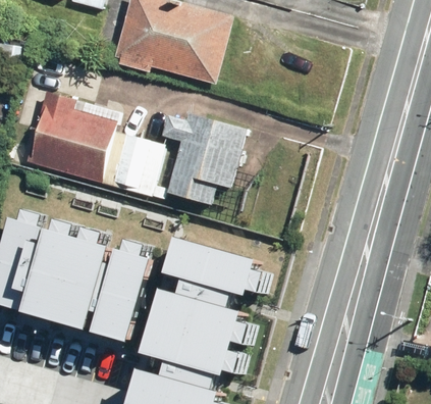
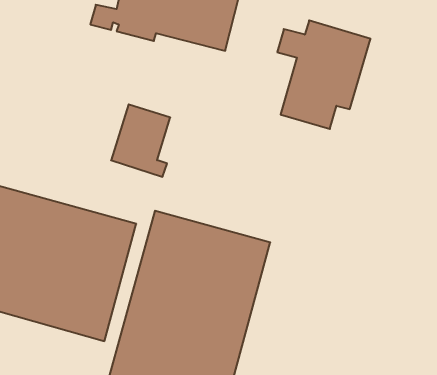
building: [28,89,121,182] -> none
building: [165,105,252,206] -> [277,20,371,129]

